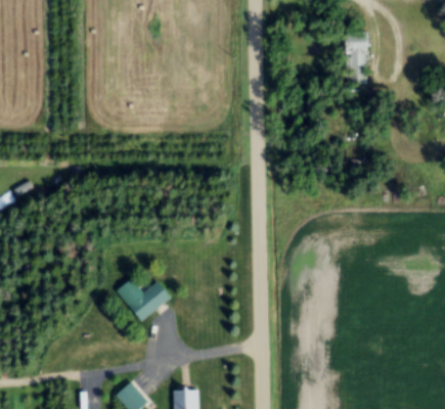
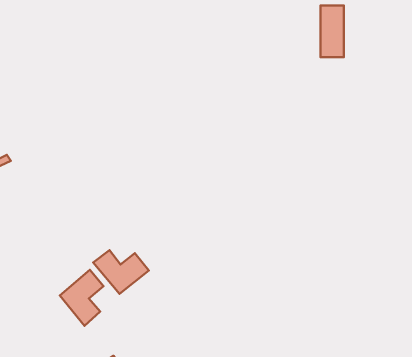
building: none -> [60,270,103,326]

